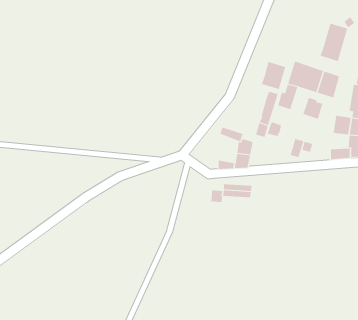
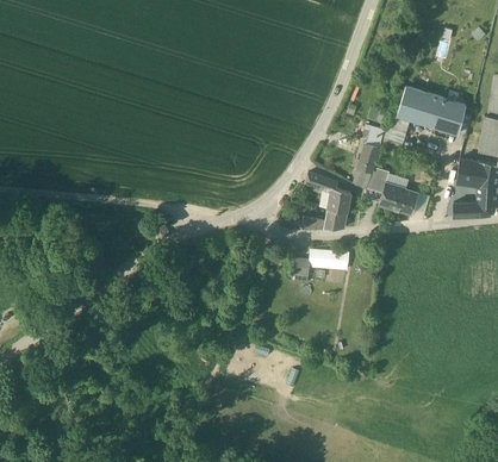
building: [320,23,348,62] -> none
building: [261,61,286,90] -> none
building: [303,97,323,120] -> [378,182,405,212]

